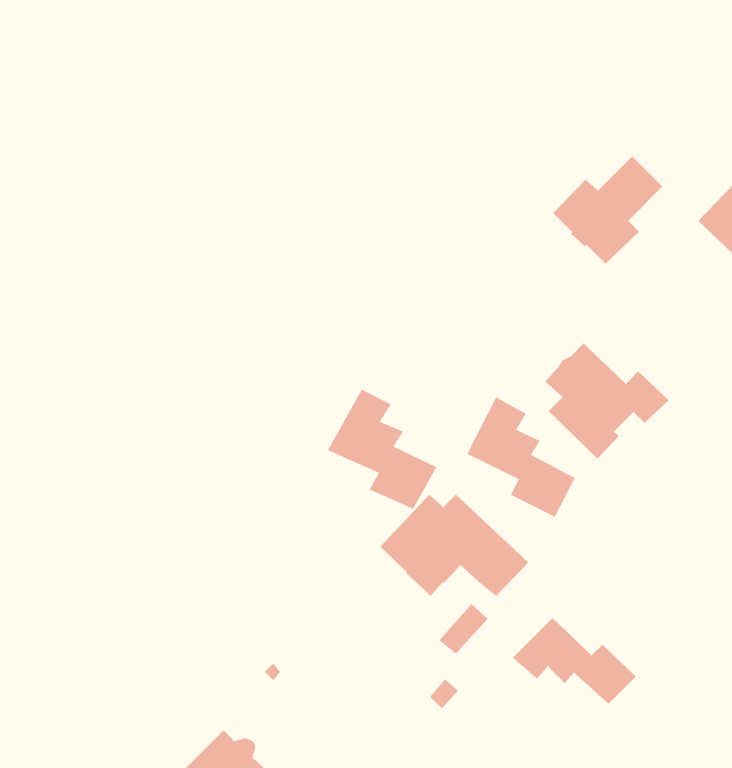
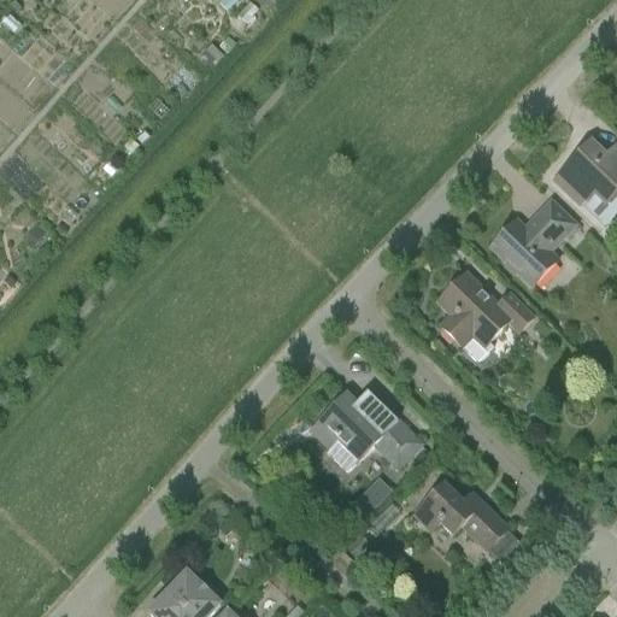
building: [553,155,663,265] -> [492,200,577,284]
building: [327,389,438,510] -> none
building: [466,396,576,518] -> none

